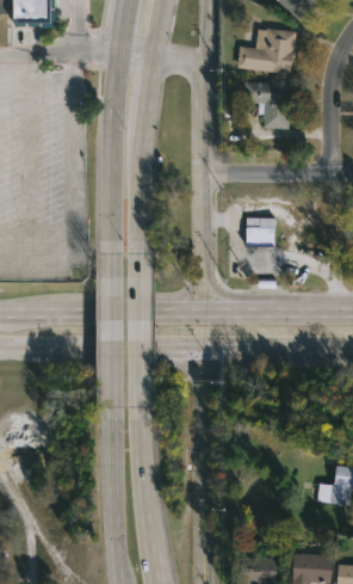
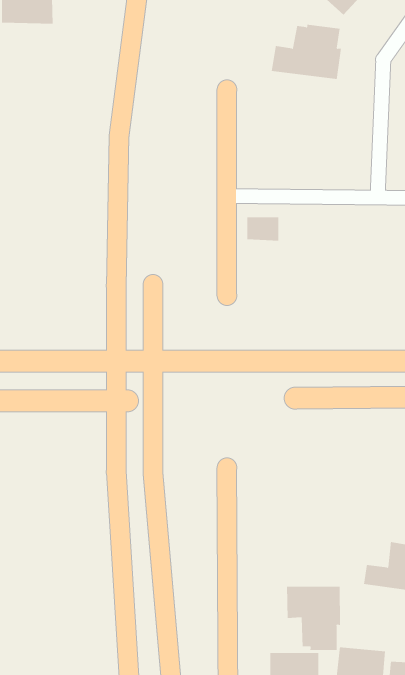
building: [243,81,291,129] -> none
building: [247,227,274,247] -> [247,217,279,241]
building: none -> [286,586,340,651]

